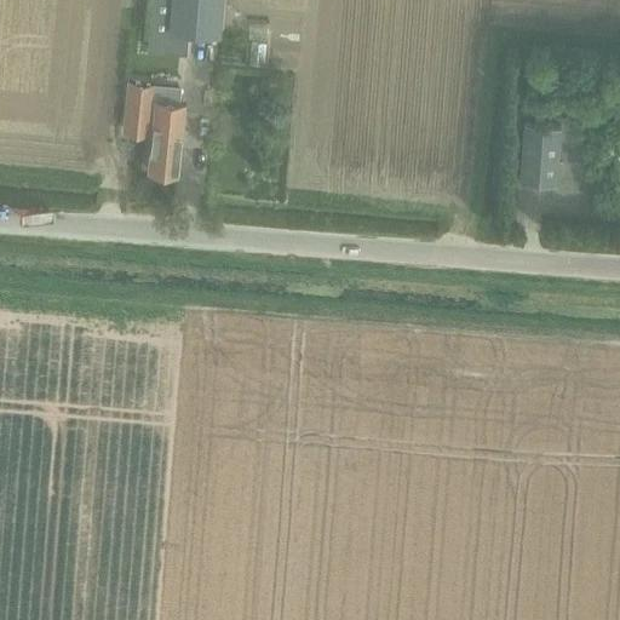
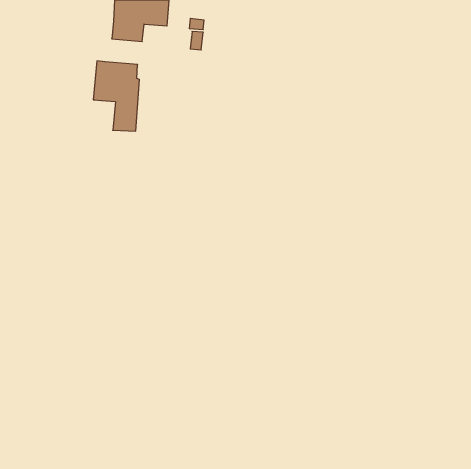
building: [518,126,563,189] -> none

